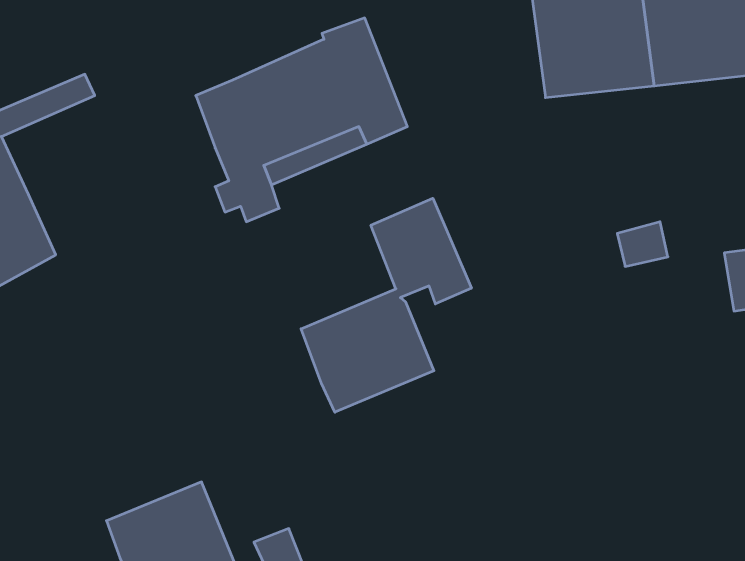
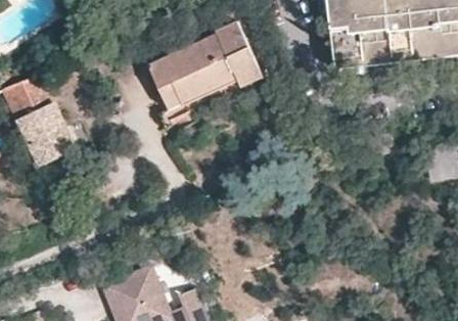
building: [301,198,471,412] -> none

